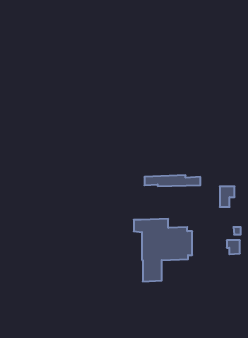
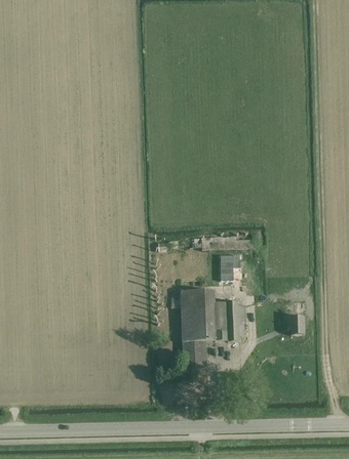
building: [220,186,235,207] -> [221,253,239,279]

